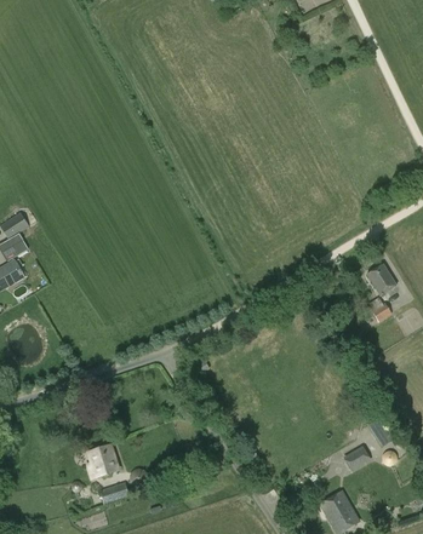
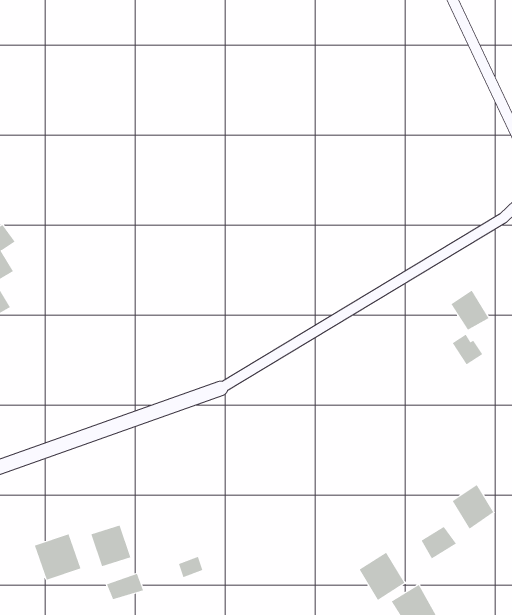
building: none -> [34,533,81,581]
building: none -> [359,552,405,601]

